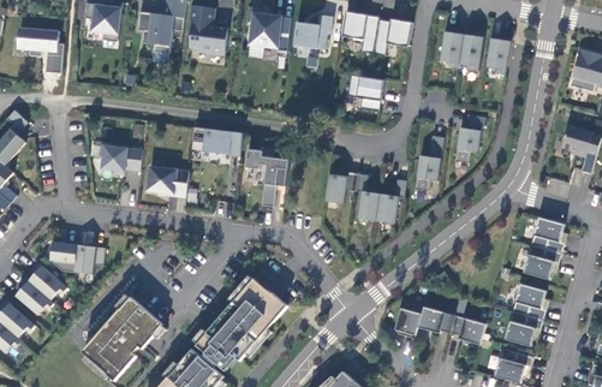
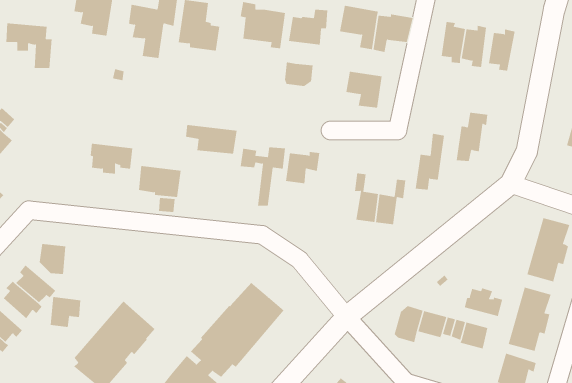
building: none -> [284,61,313,87]
building: [324,172,358,203] -> [285,152,320,184]
building: [74,244,105,274] -> [50,296,81,328]
building: none -> [464,288,503,317]

